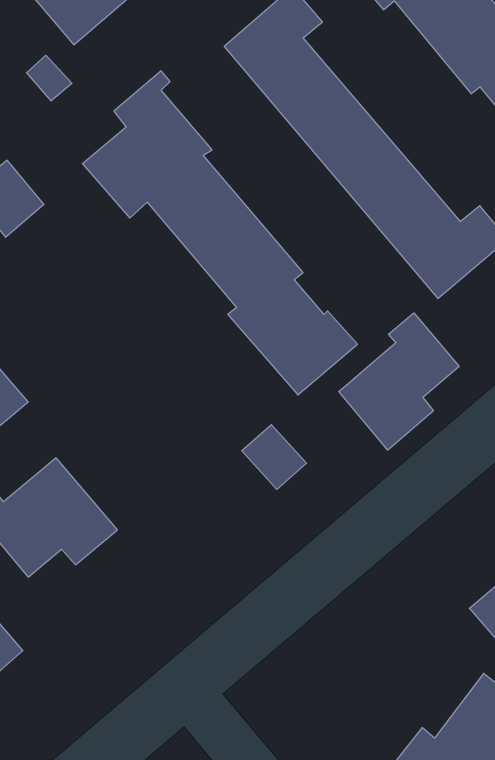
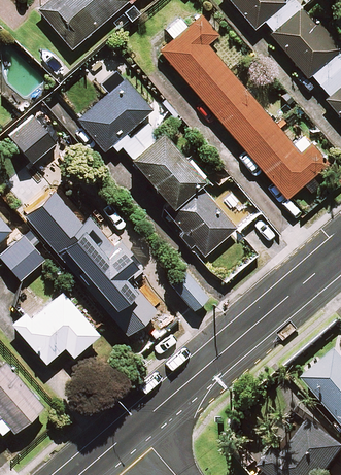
building: none -> [39,204,155,334]
building: [339,313,459,450] -> none

